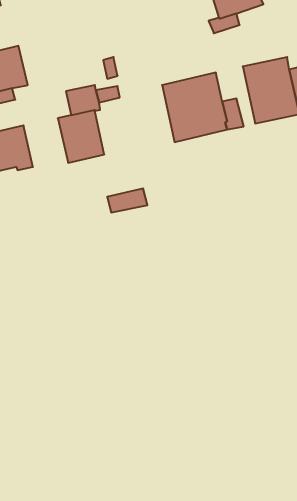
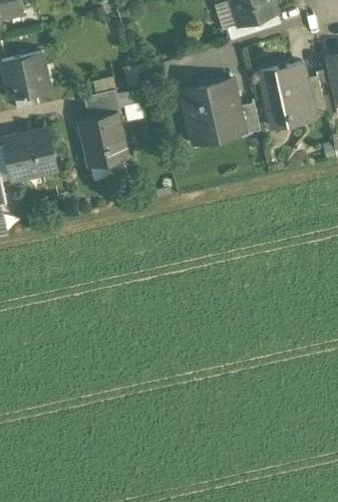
building: [107,189,147,212] -> [89,157,128,180]

